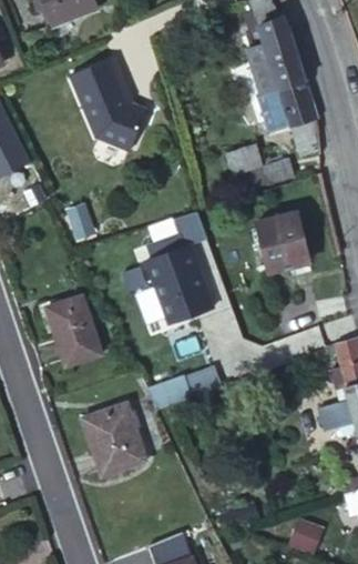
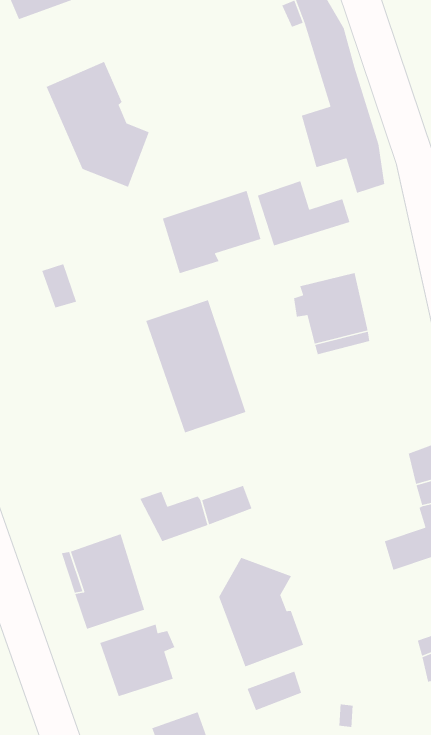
building: none -> [162,190,262,274]
building: [45,295,100,365] -> none
building: none -> [218,557,304,667]
building: none -> [99,624,175,697]

